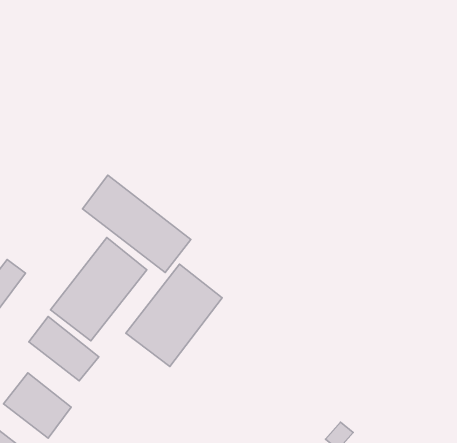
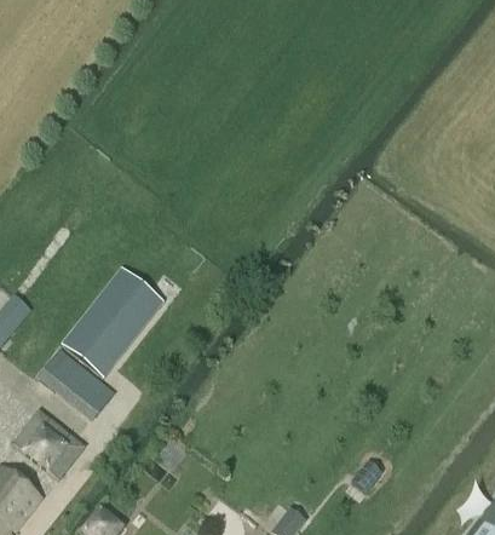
building: [83,175,191,272] -> none
building: [126,264,222,367] -> none

